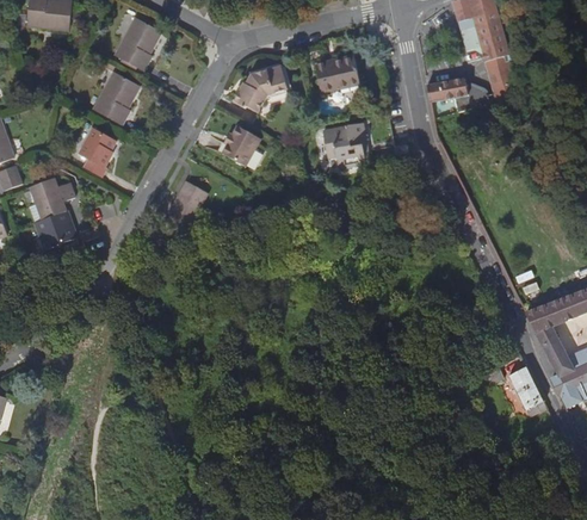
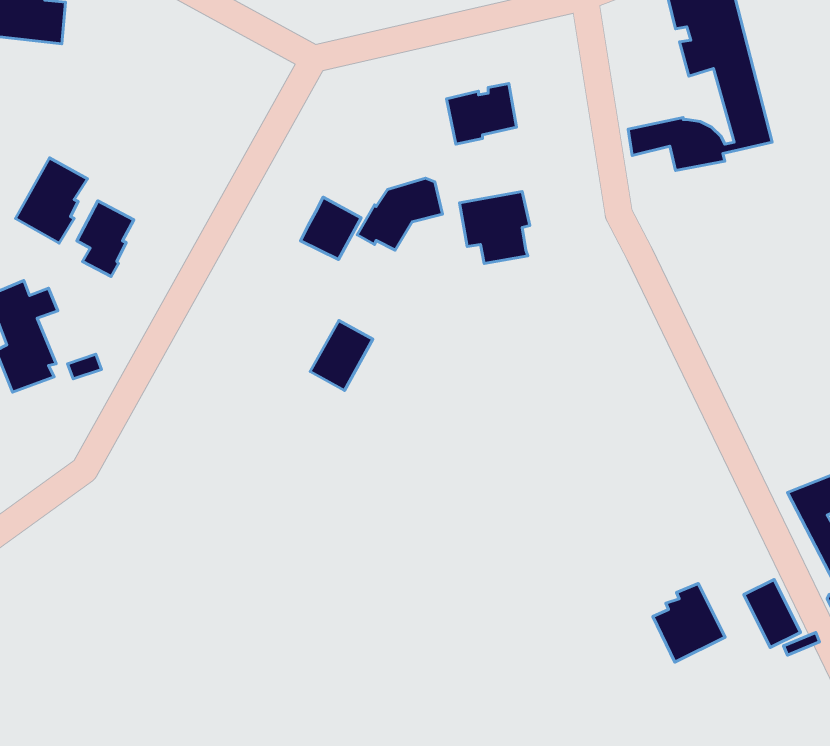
building: [117,18,160,70] -> none
building: [233,67,286,112] -> [357,178,443,250]
building: [94,73,140,126] -> [16,158,88,243]
building: [168,181,208,225] -> [310,320,373,390]
building: none -> [653,583,725,662]

